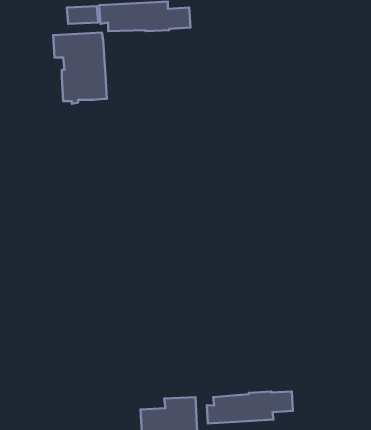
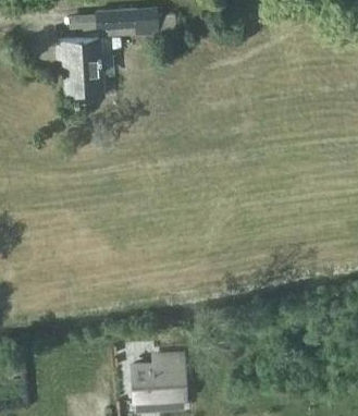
building: [207,391,293,424] -> none

